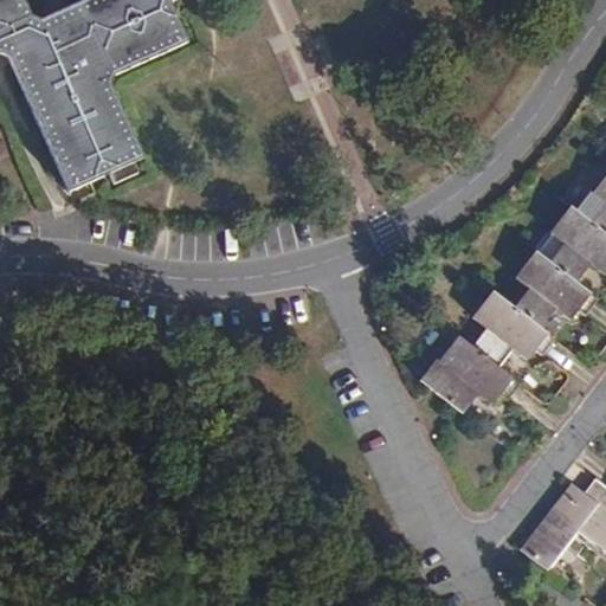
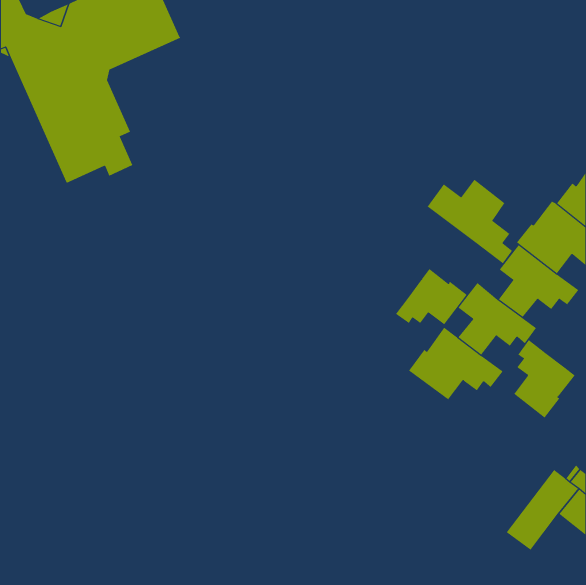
building: none -> [427,179,513,264]
building: none -> [395,268,467,325]
building: none -> [513,339,576,418]

